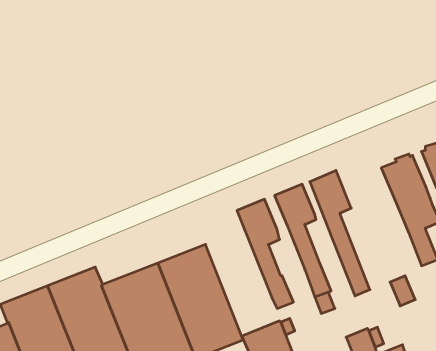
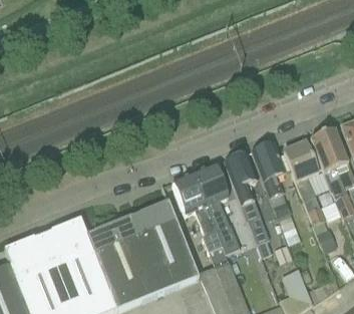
building: none -> [284,140,324,223]
building: none -> [172,174,222,250]

